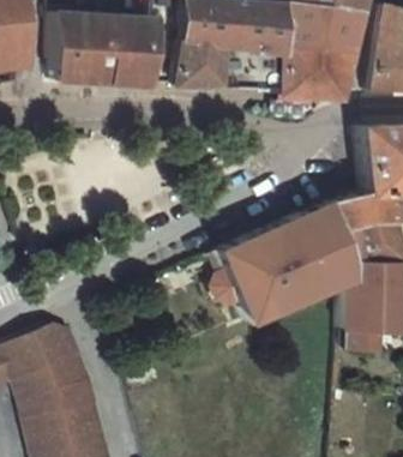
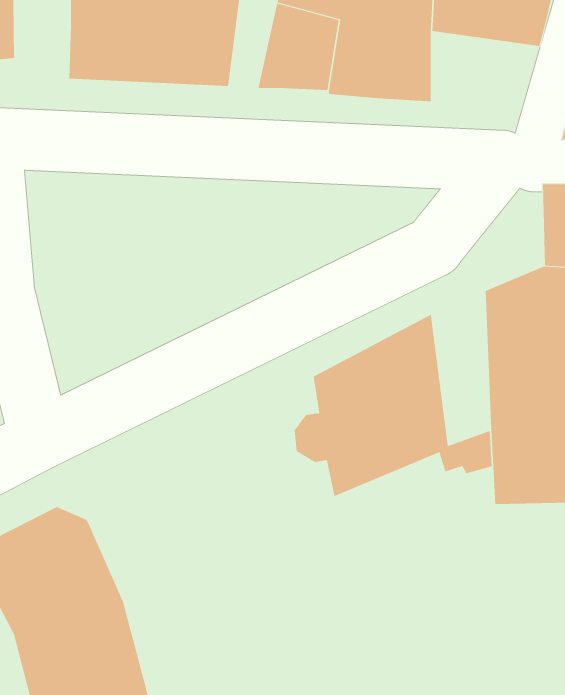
building: [283,37,353,91] -> none
building: [284,200,321,297] -> none

